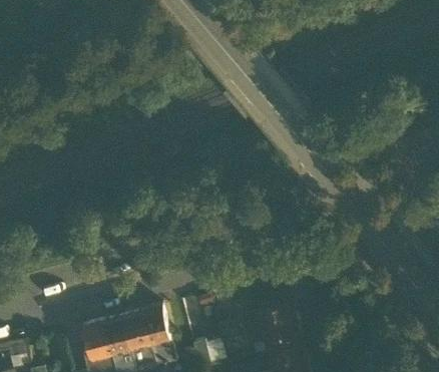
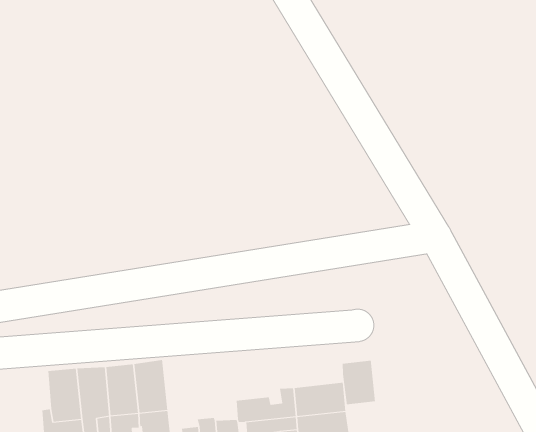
building: none -> [342,360,375,405]

